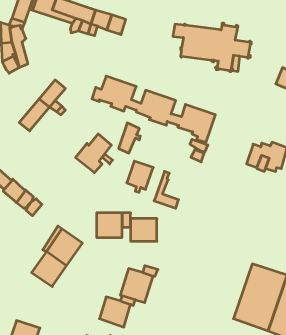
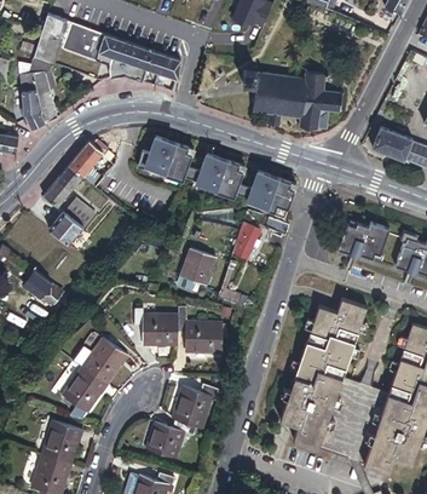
building: [119,123,140,153] -> [231,220,259,259]
building: [76,134,111,173] -> [48,199,94,248]
building: none -> [279,295,367,447]
building: none -> [40,414,81,459]

